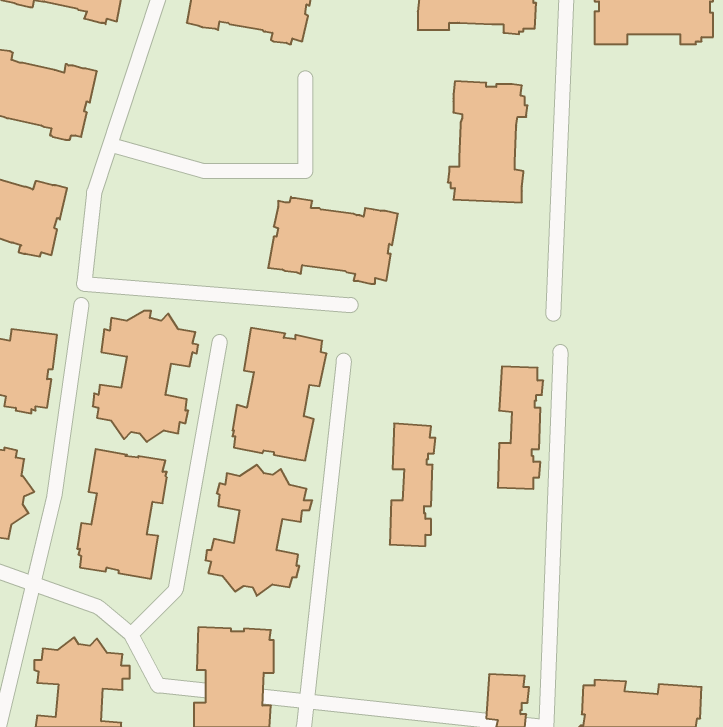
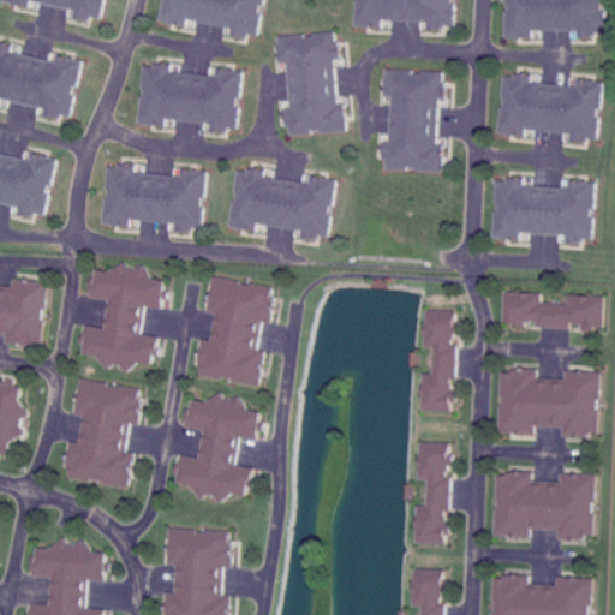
building: none -> [275,31,344,135]
building: none -> [136,62,240,131]
building: none -> [495,72,599,142]
building: none -> [101,163,205,231]
building: none -> [490,177,592,243]
building: none -> [498,289,602,329]
building: [390,423,435,546] -> [413,441,452,544]
building: none -> [495,368,598,436]
building: none -> [491,471,595,539]

